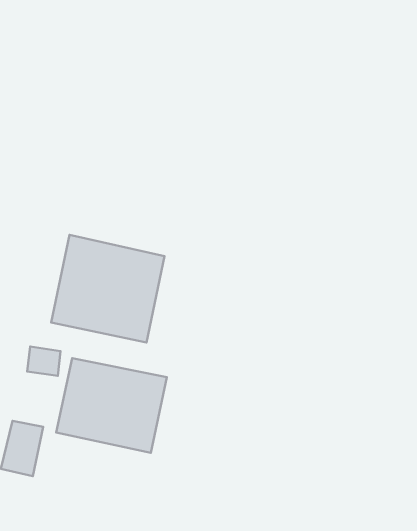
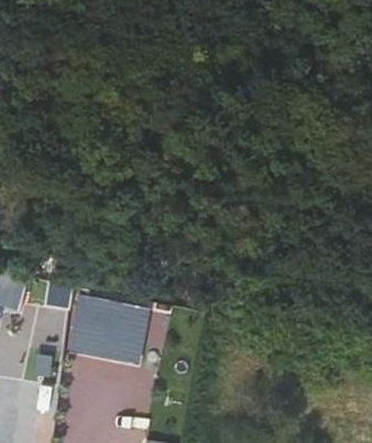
building: [51,235,165,342] -> none

